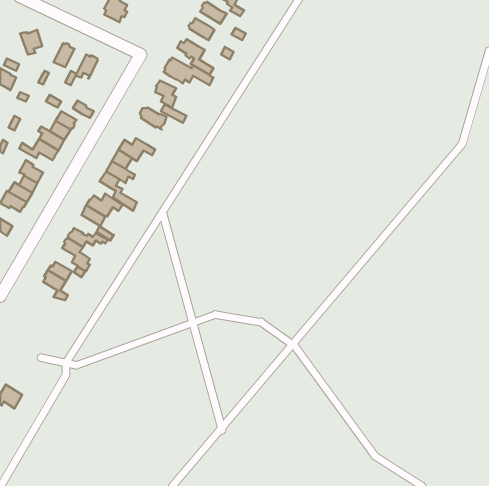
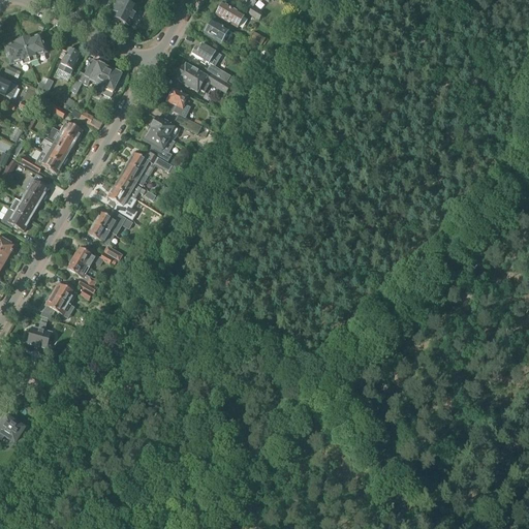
building: none -> [5,36,30,62]
building: none -> [96,65,122,95]
building: none -> [146,127,175,159]
building: none -> [26,315,53,348]

